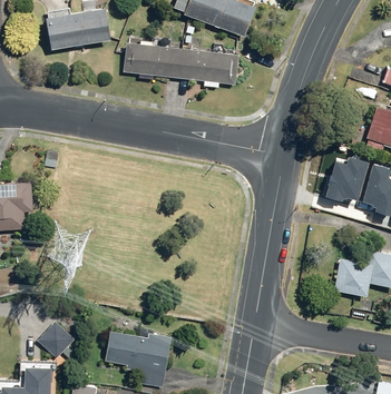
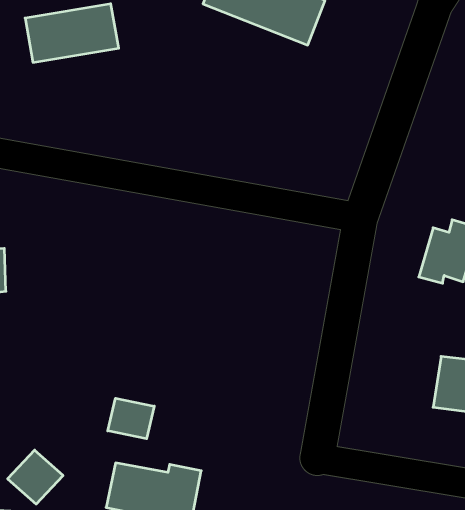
building: [121,43,240,87] -> none
building: none -> [108,398,154,439]

